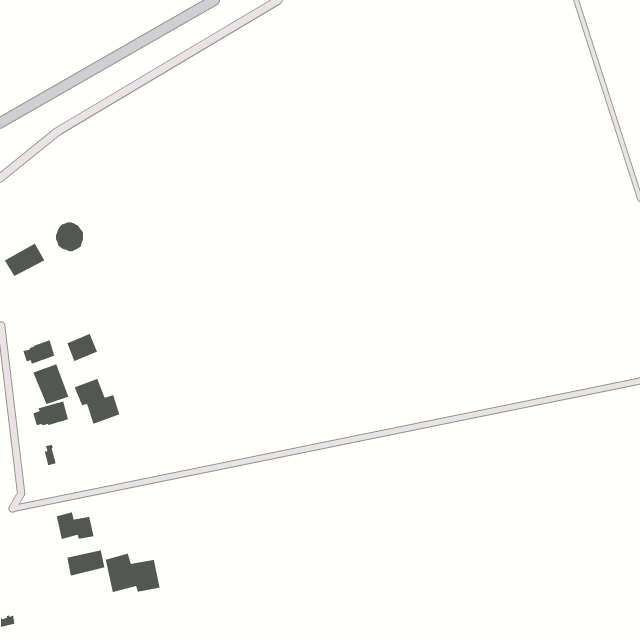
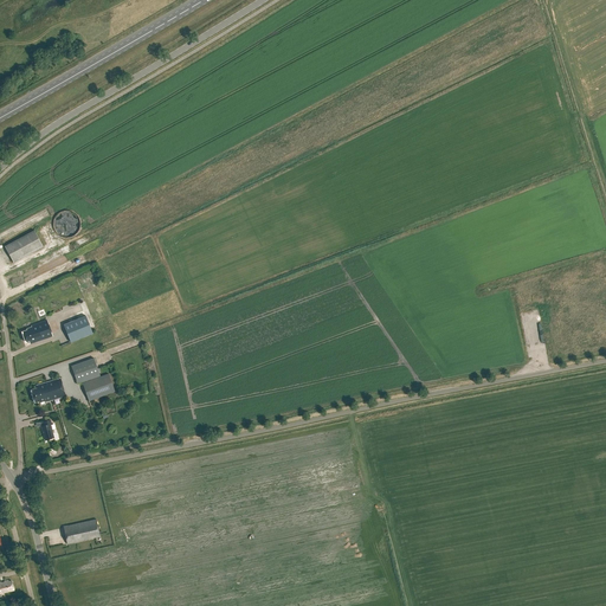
building: [32,363,69,405] -> none
building: [56,511,94,540] -> none
building: [105,553,160,593] -> none

